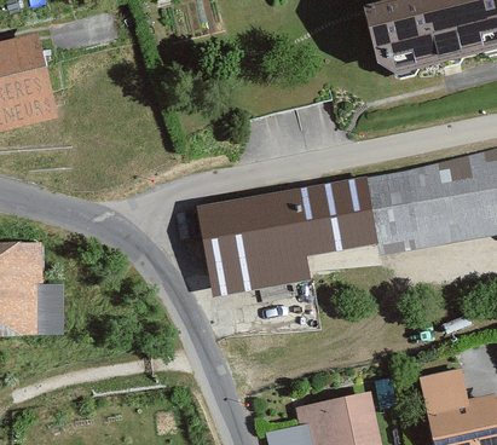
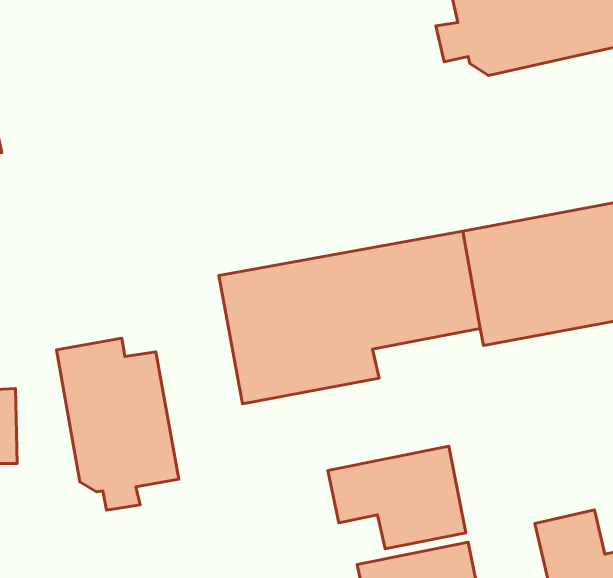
building: none -> [57,338,179,510]
building: none -> [328,446,466,549]

